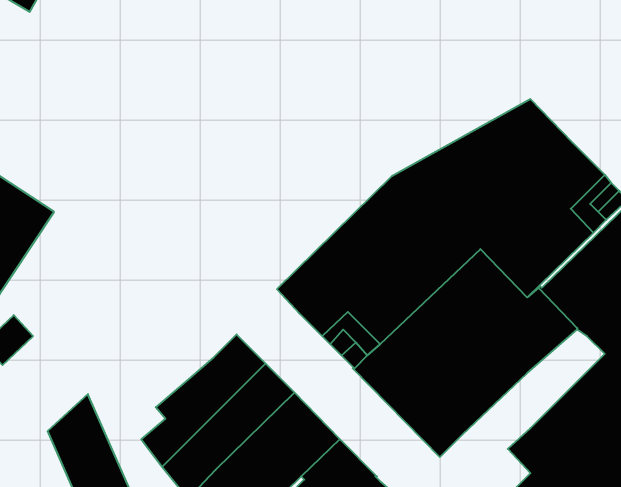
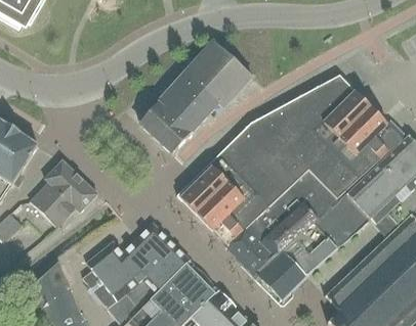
building: none -> [140,41,254,153]
building: none -> [31,160,98,228]
building: none -> [83,241,123,290]

